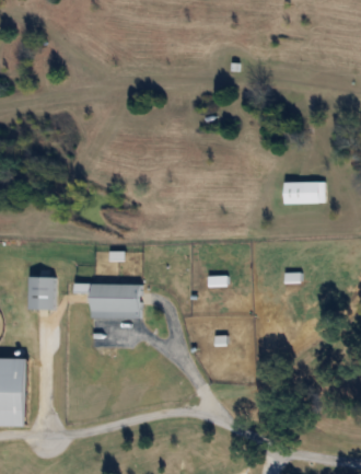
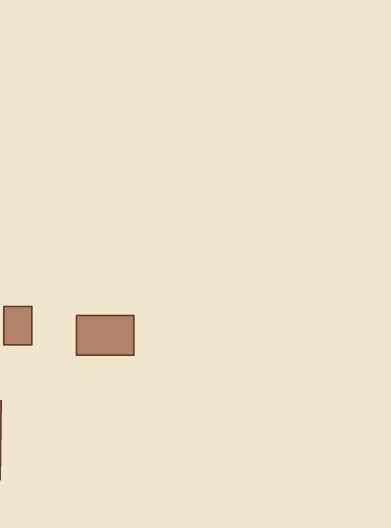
building: [282,182,322,204] -> none

